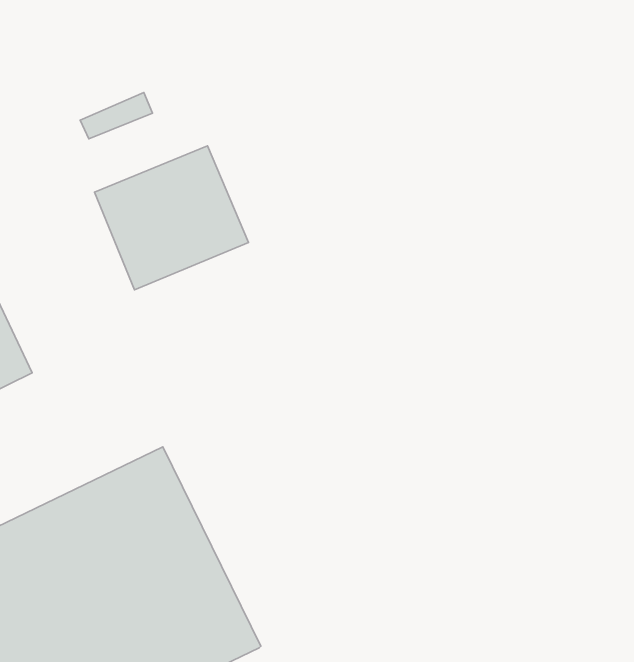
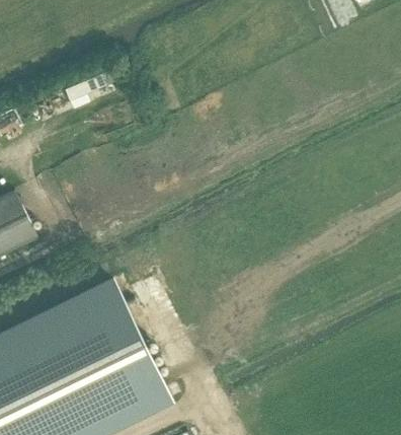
building: [95,146,248,290] -> none

